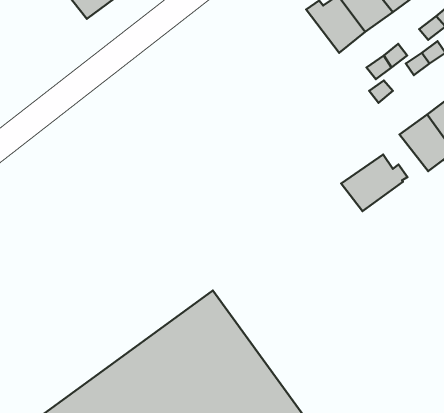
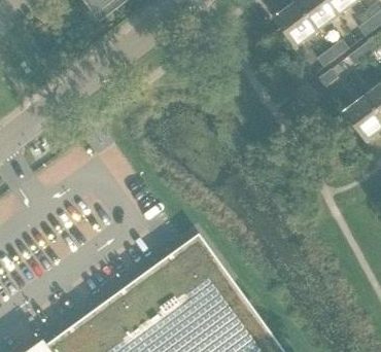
building: [341,155,407,211] -> none

